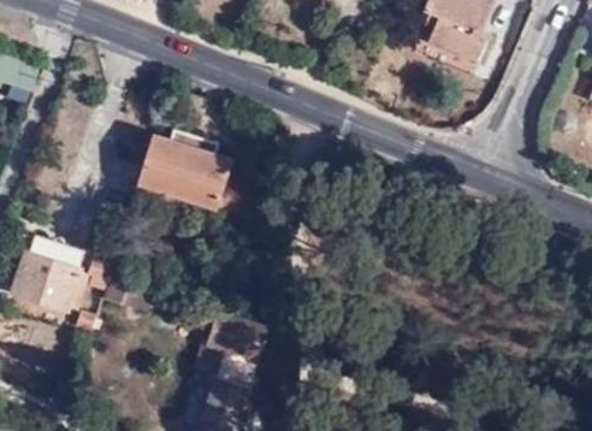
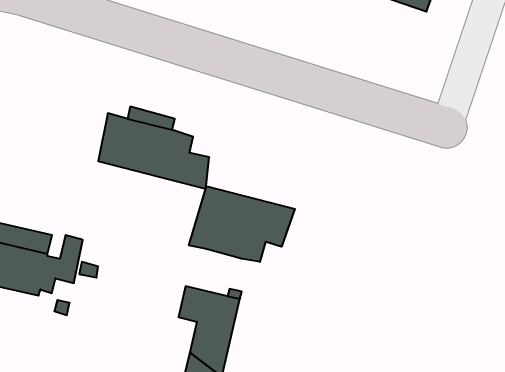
building: none -> [189,186,295,262]

